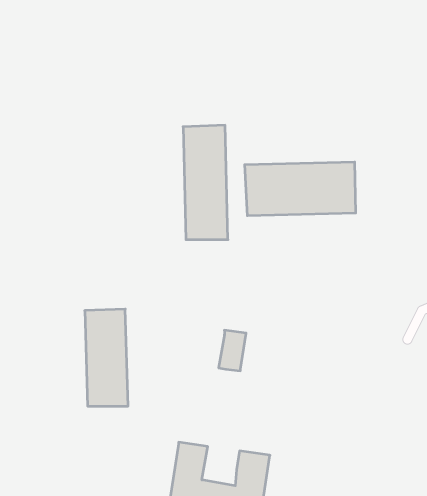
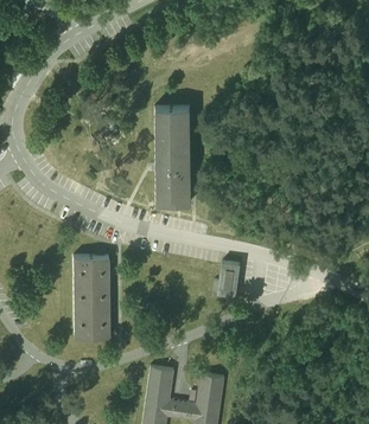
building: [245,162,356,216] -> none
building: [219,330,246,371] -> [217,262,240,295]

